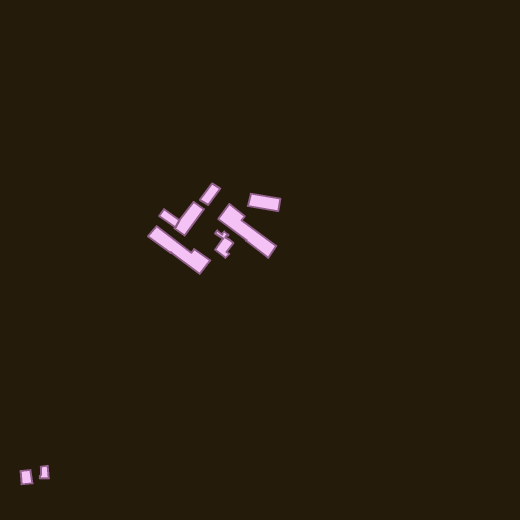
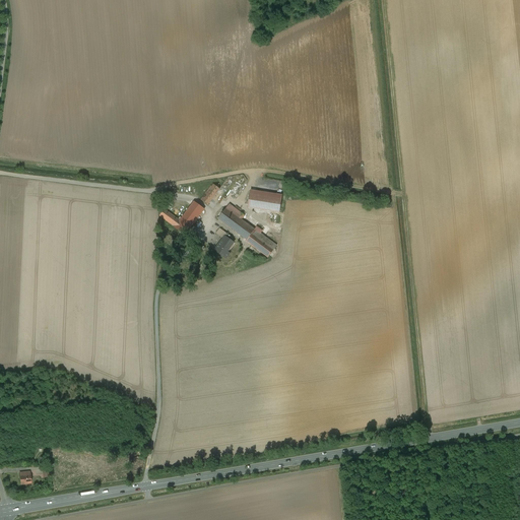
building: [148,226,210,274] -> none

